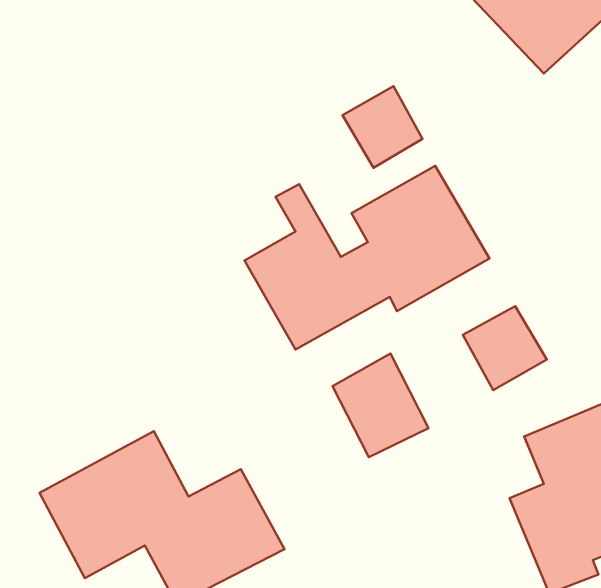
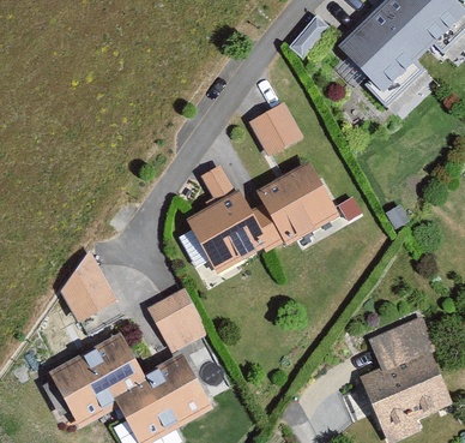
building: none -> [60,247,121,328]
building: [463,306,547,390] -> none
building: [332,354,429,457] -> [146,285,210,353]

